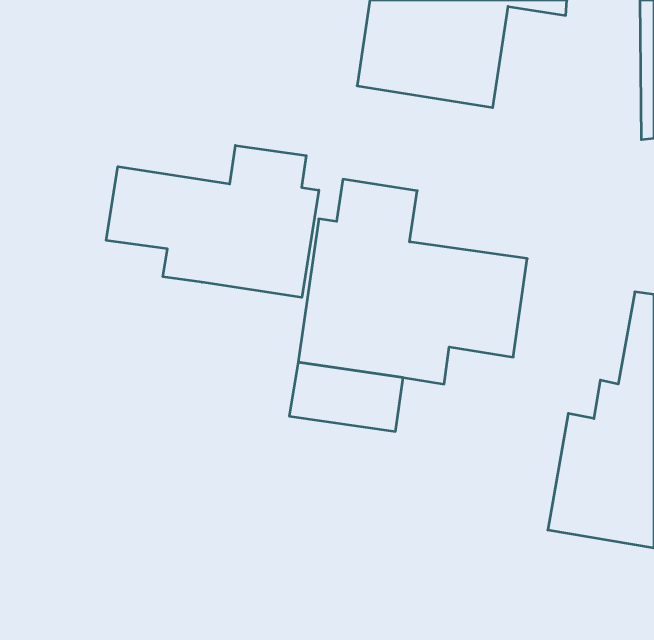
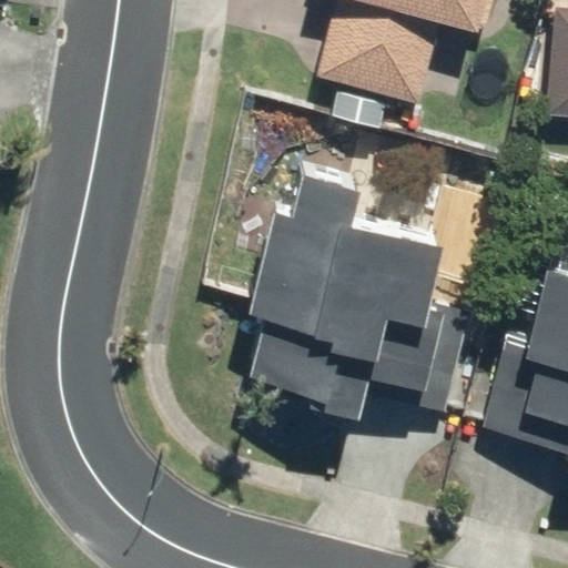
building: [106,145,319,297] -> none

